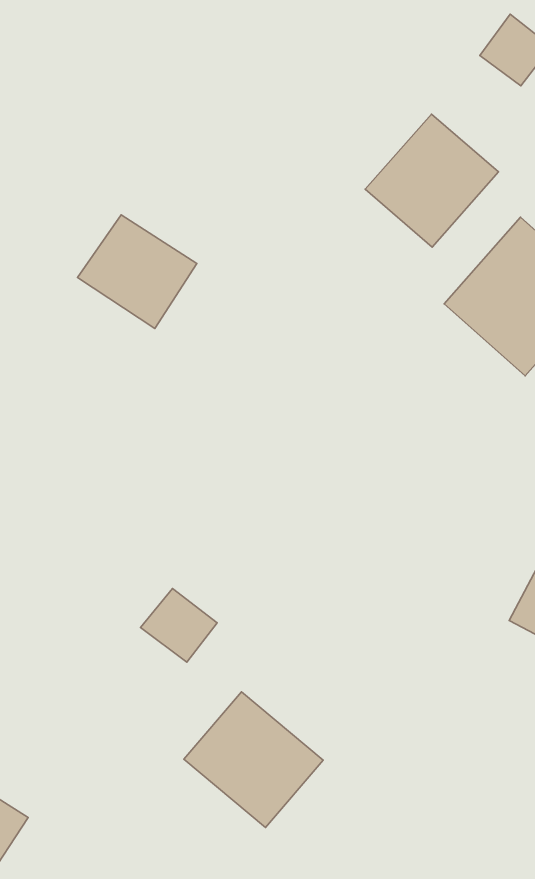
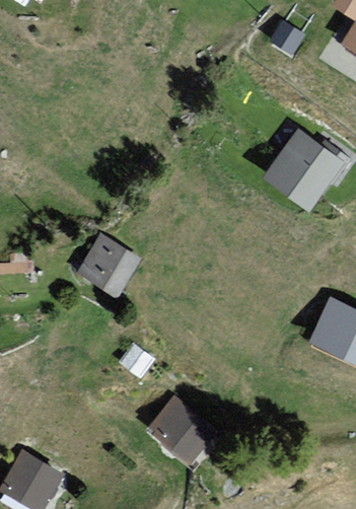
building: [365,114,498,247] -> none
building: [77,215,197,328] -> [75,237,138,296]

